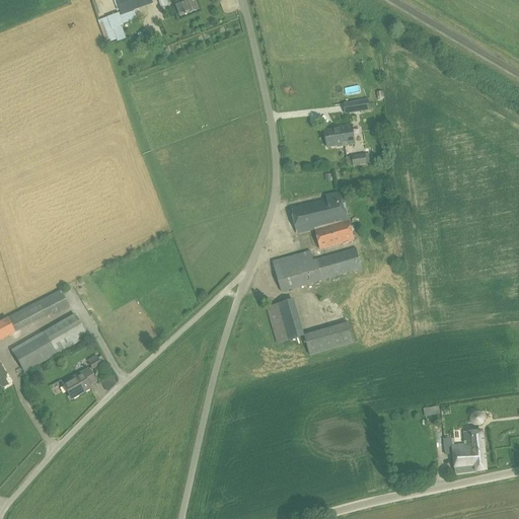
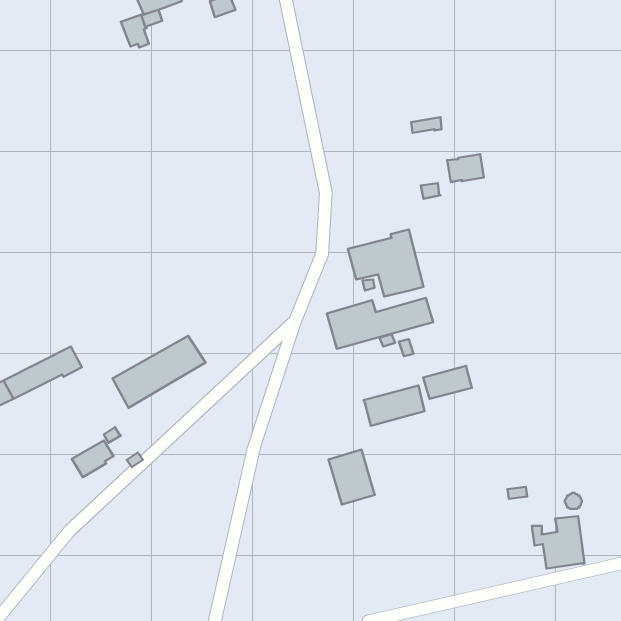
building: [323,123,354,146] -> [447,154,484,182]
building: [265,297,303,343] -> [329,450,375,505]
building: none -> [423,366,472,399]
building: [9,312,86,372] -> [113,336,205,408]

